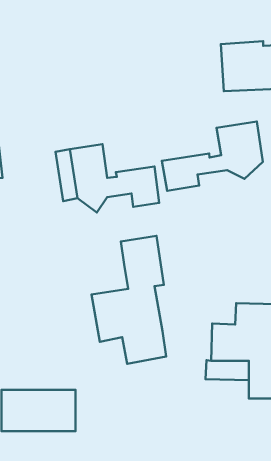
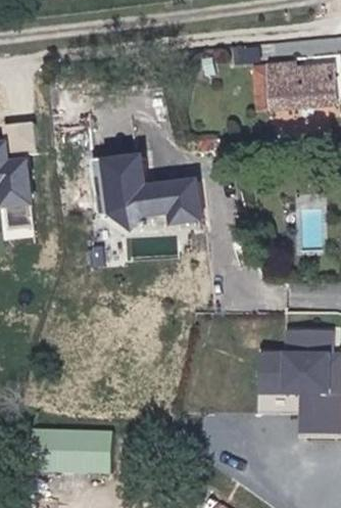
building: [162,121,263,191] -> none
building: [91,236,166,364] -> none

